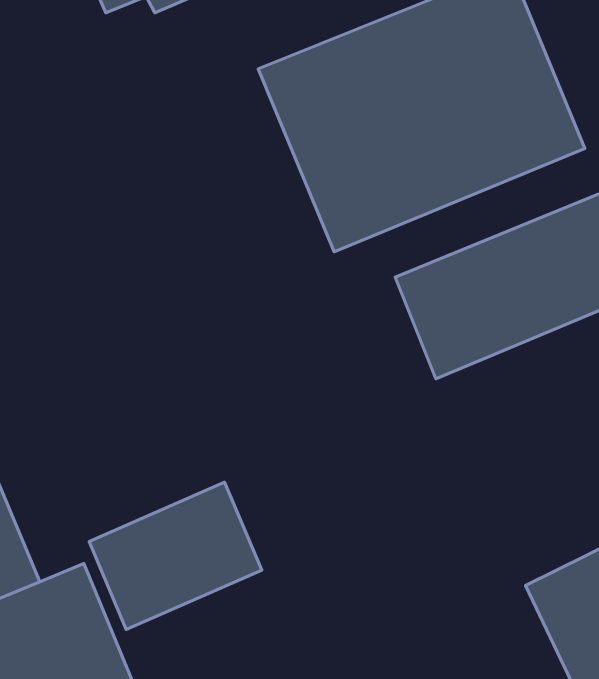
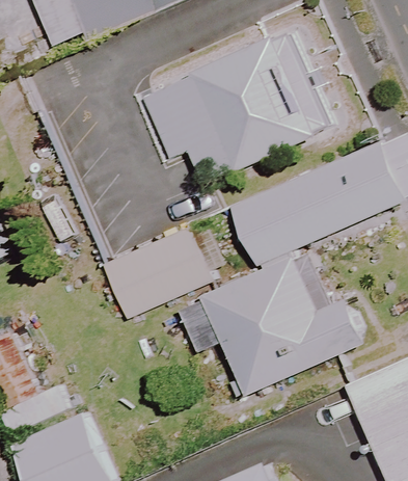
building: none -> [225,245,372,386]
building: [89,482,262,630] -> [92,222,198,313]

